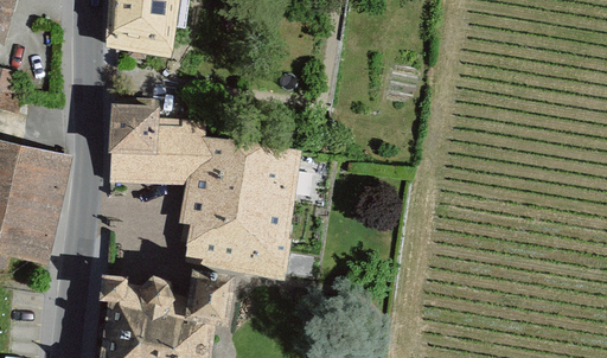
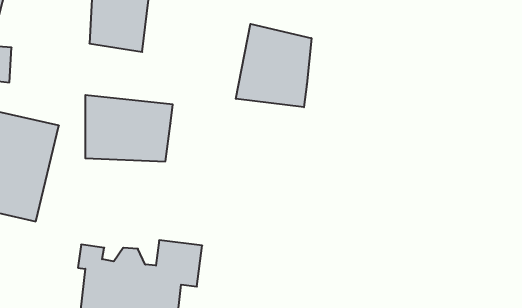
building: none -> [236,24,311,107]
building: [180,141,298,279] -> none

